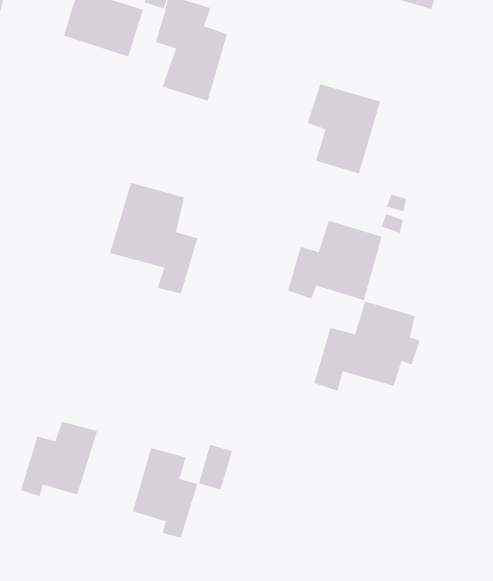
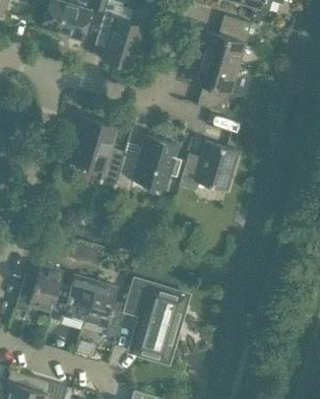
building: none -> [200,15,251,68]
building: [313,301,420,391] -> [115,136,181,192]
building: none -> [49,275,95,322]
building: none -> [133,285,187,359]

